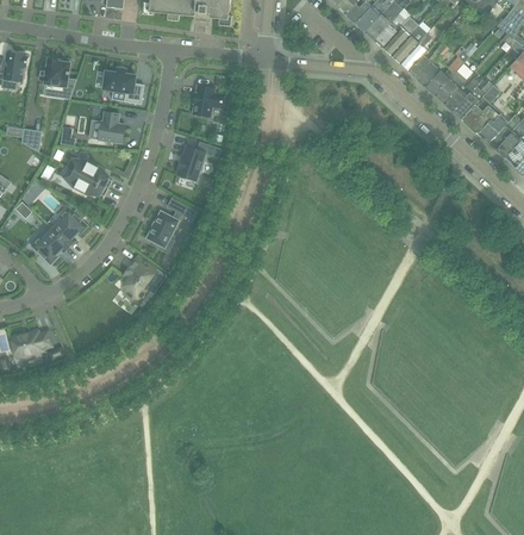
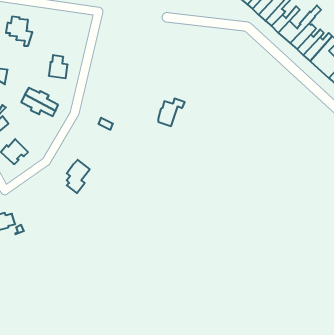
building: [102,67,144,104] -> none
building: [193,85,224,116] -> none
building: [177,142,214,180] -> [158,99,185,126]
building: [52,207,87,245] -> none
building: [145,210,180,253] -> none

